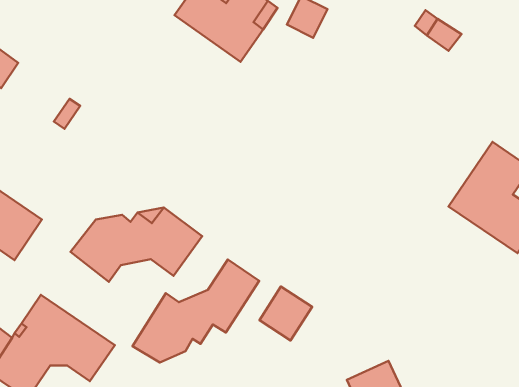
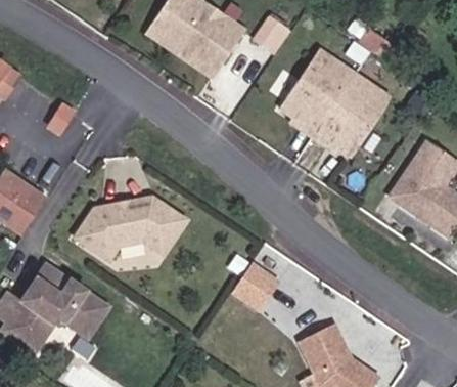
building: none -> [281,46,393,154]
building: [133,259,259,363] -> none

